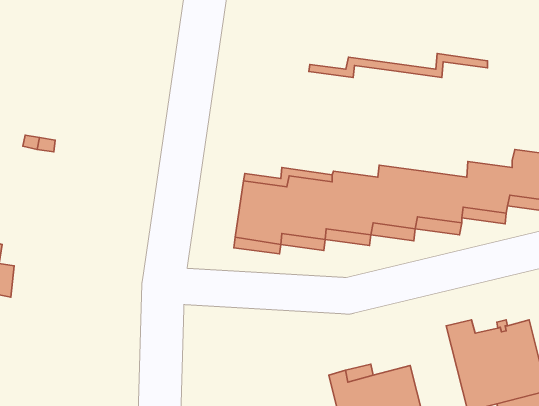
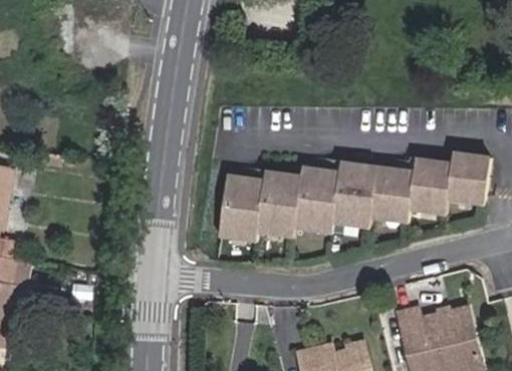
building: [309,54,488,78] -> [298,158,448,178]

